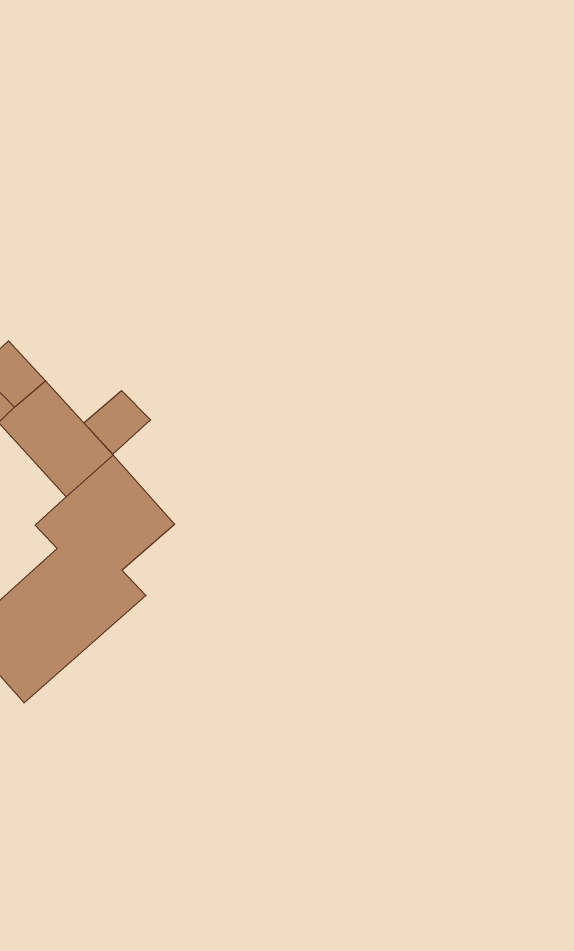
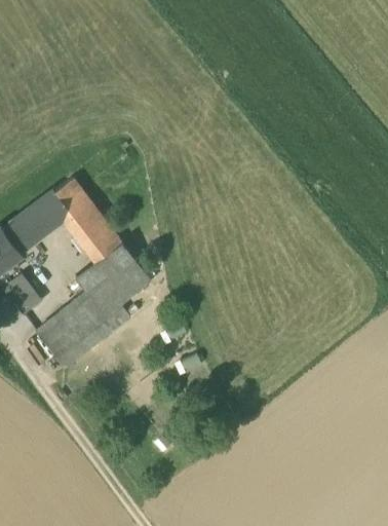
building: [84,391,151,454] -> none

